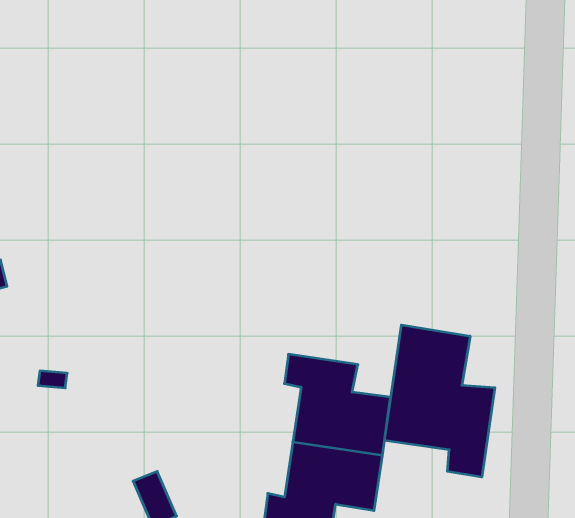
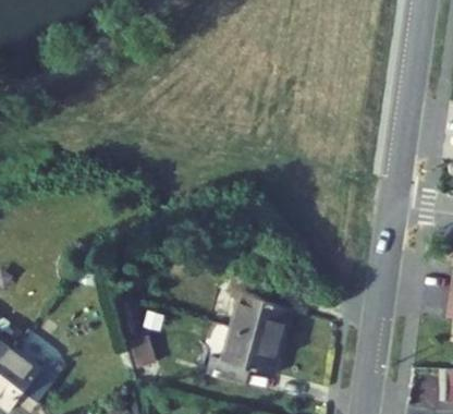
building: [384,325,495,477] -> none

